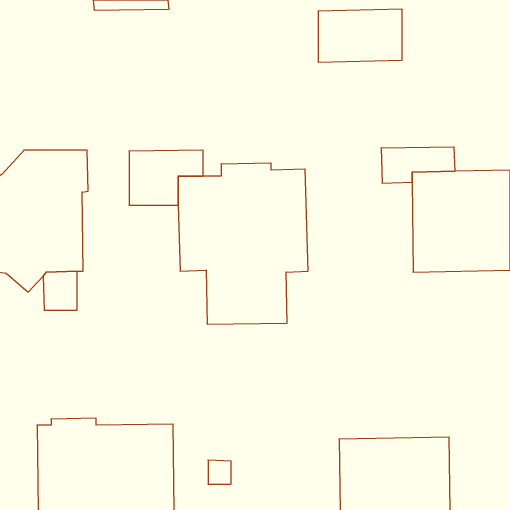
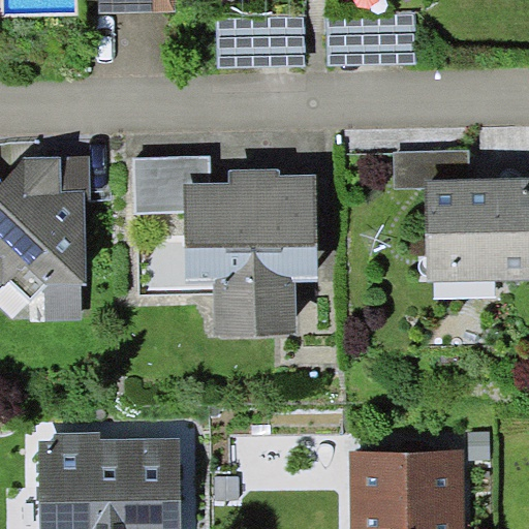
building: none -> [218,13,305,67]

